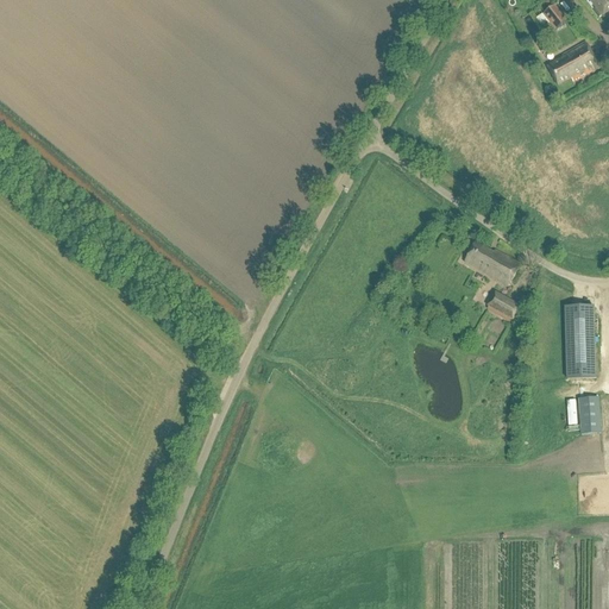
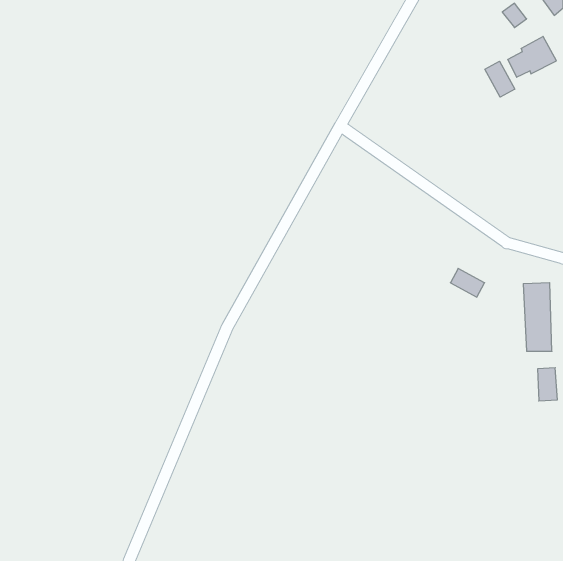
building: none -> [485,61,515,97]
building: [463,241,521,285] -> none

